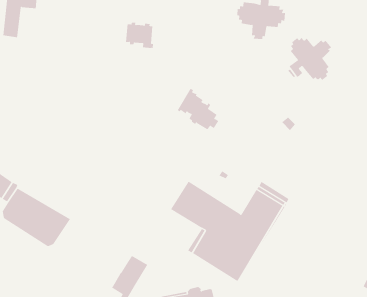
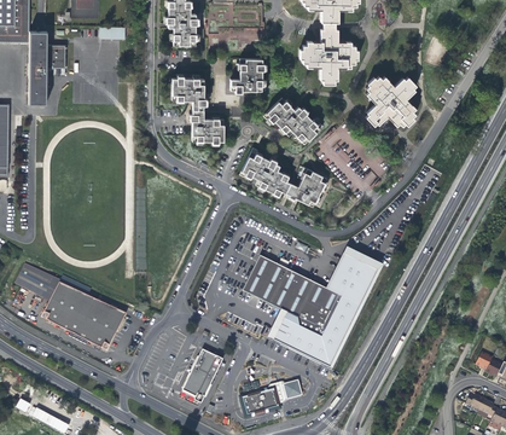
building: none -> [229,57,264,92]
building: none -> [263,97,322,144]
building: none -> [190,109,223,143]
building: none -> [287,166,326,205]

